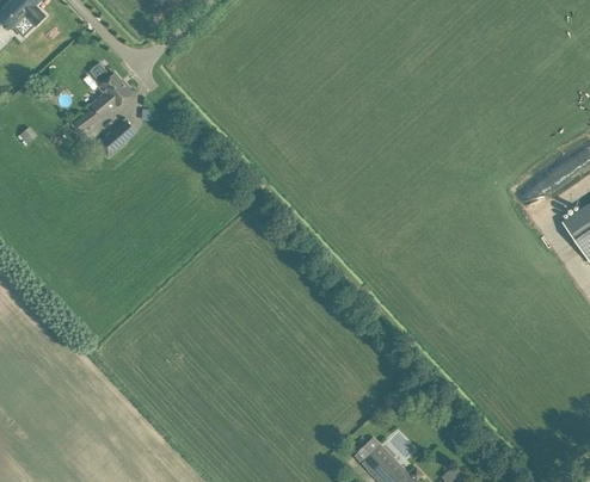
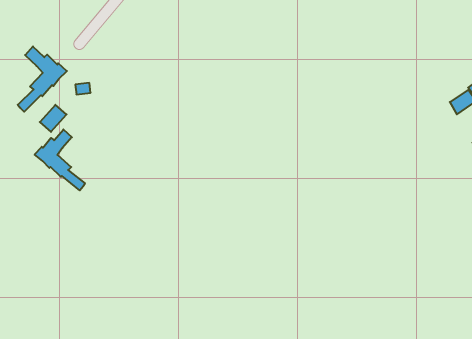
building: none -> [35,129,85,190]

